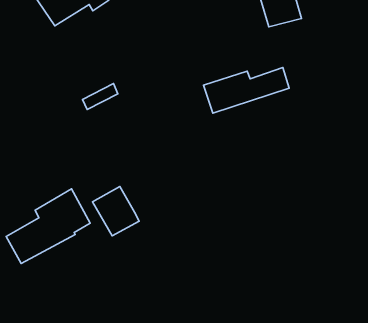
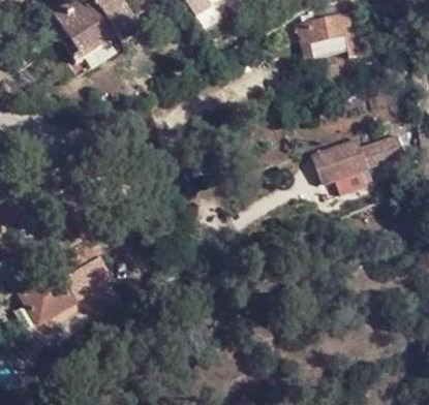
building: [204,68,289,113] -> [307,133,402,184]
building: [92,187,139,236] -> none

